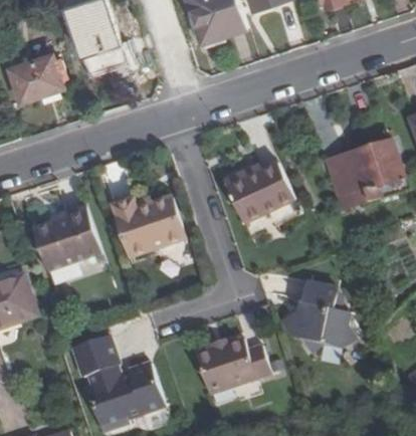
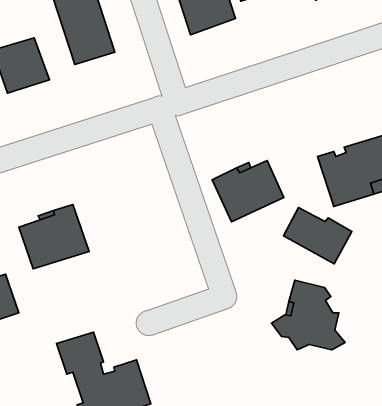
building: [115,199,184,255] -> none
building: none -> [284,207,352,264]
building: [191,340,267,395] -> none

